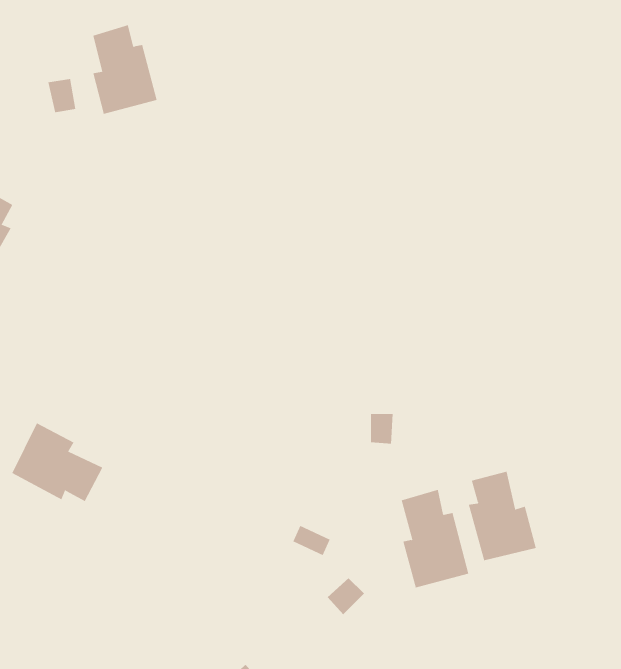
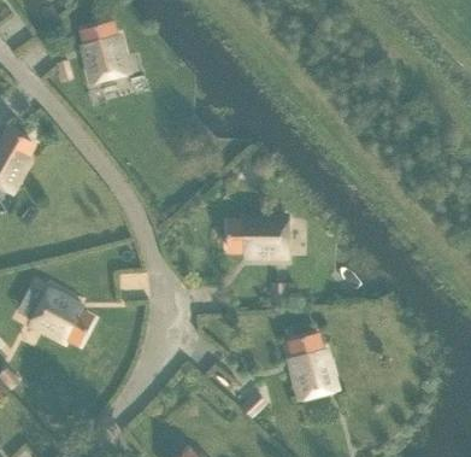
building: none -> [226,216,285,253]
building: [468,471,536,561] -> none

